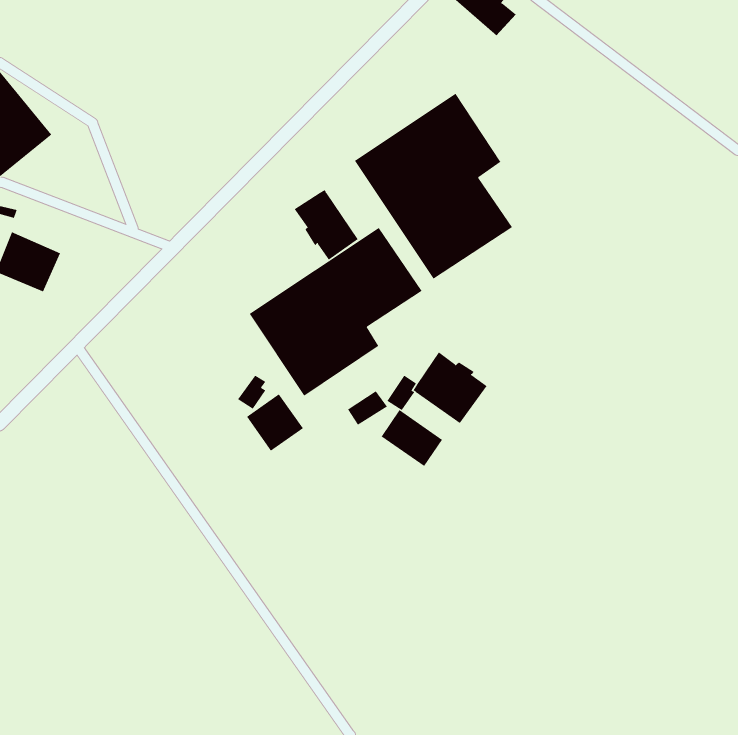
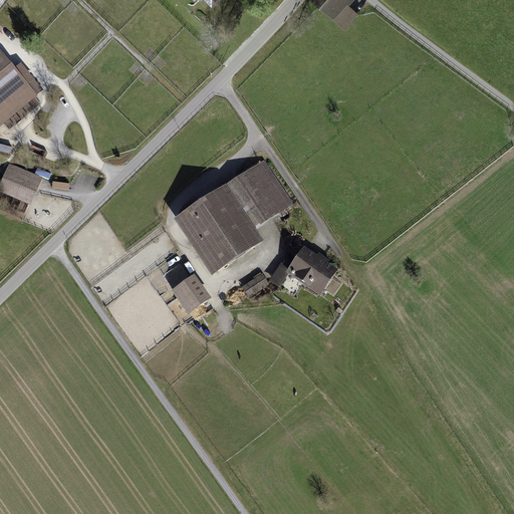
building: [354,93,513,279] -> none
building: [294,189,358,261] -> none
building: [381,409,443,467] -> none

